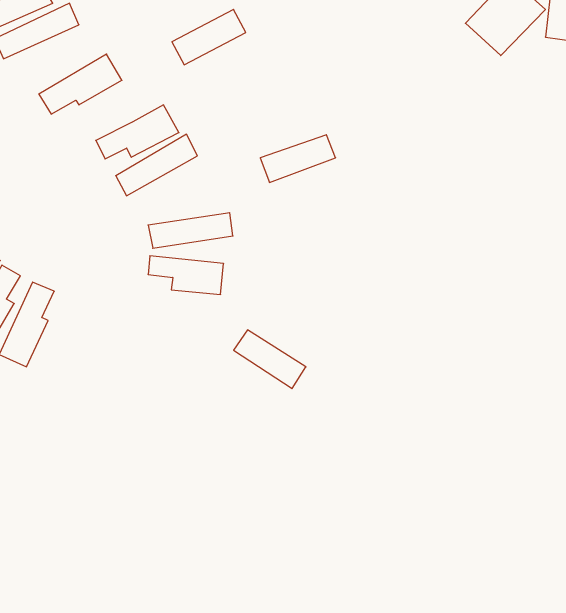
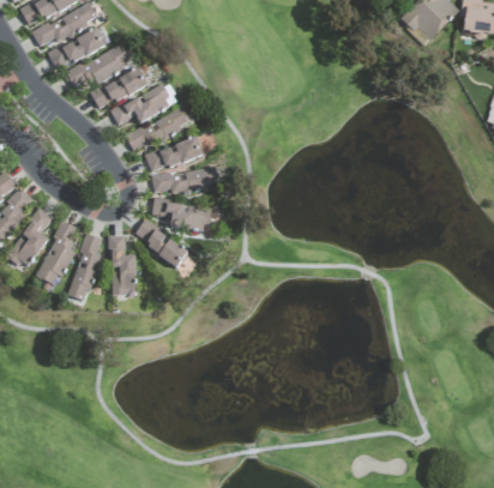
building: [172,9,246,65] -> [90,67,147,110]
building: none -> [48,29,106,70]
building: [260,135,336,182] -> [144,137,203,174]
building: none -> [66,234,102,301]
building: none -> [109,235,135,293]
building: [234,330,306,389] -> [132,221,188,266]

